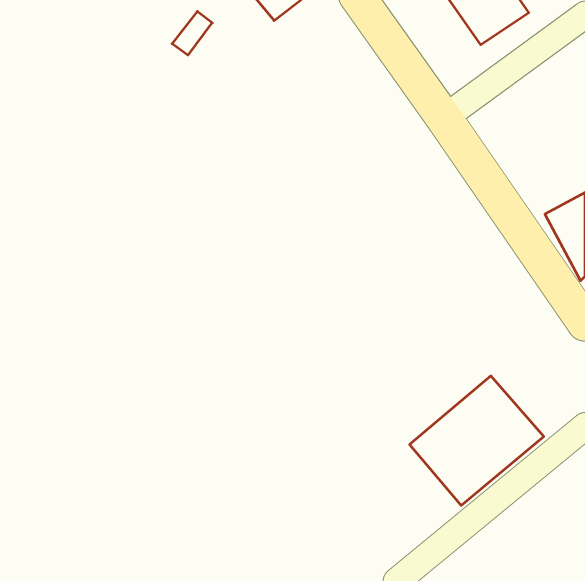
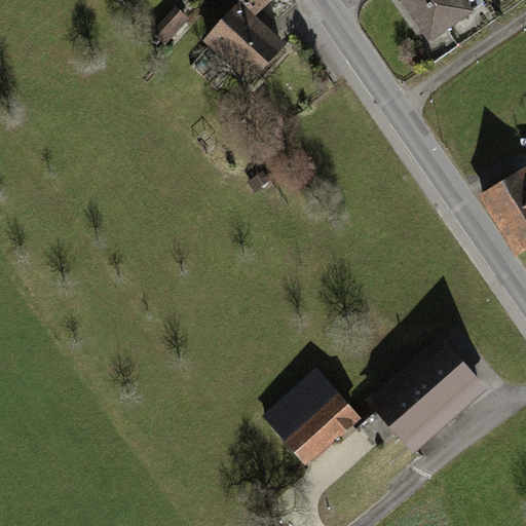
building: none -> [204,12,274,81]
building: none -> [261,369,359,463]

